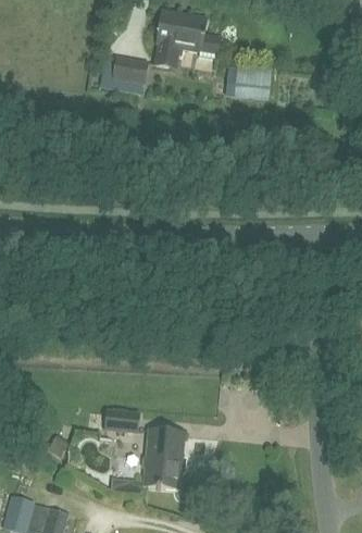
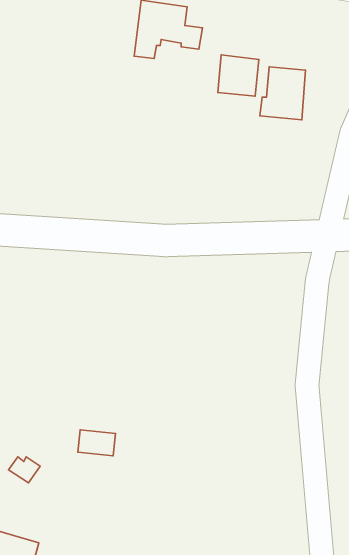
building: [105,54,148,92] -> none
building: none -> [260,67,305,120]
building: [143,430,183,487] -> none

